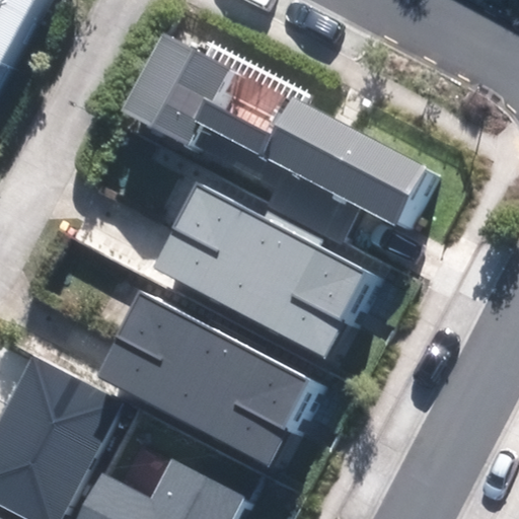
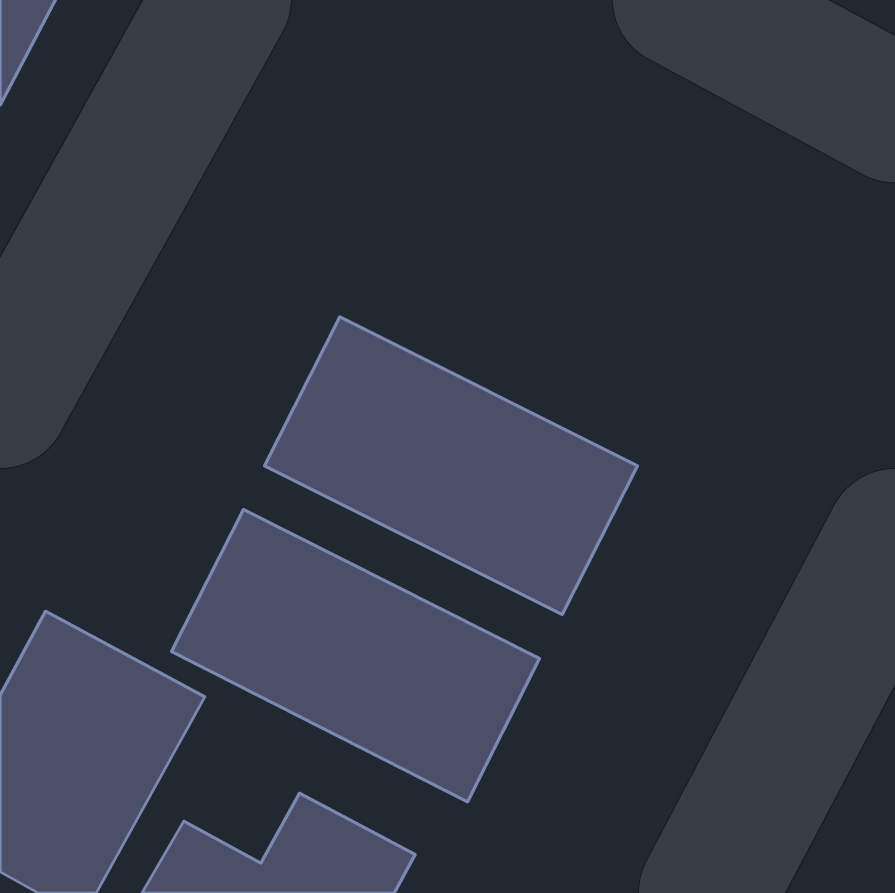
building: [124,33,425,223] -> none

